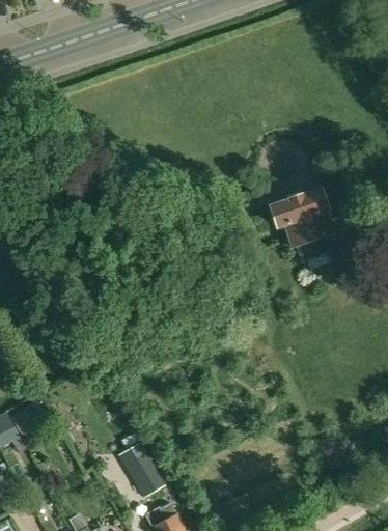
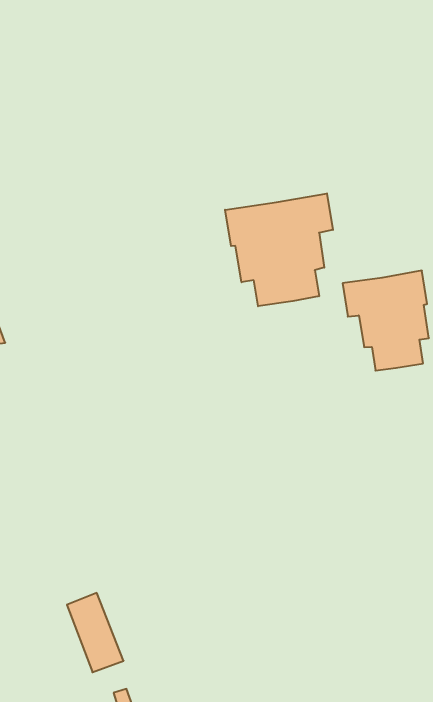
building: none -> [225,193,333,306]

